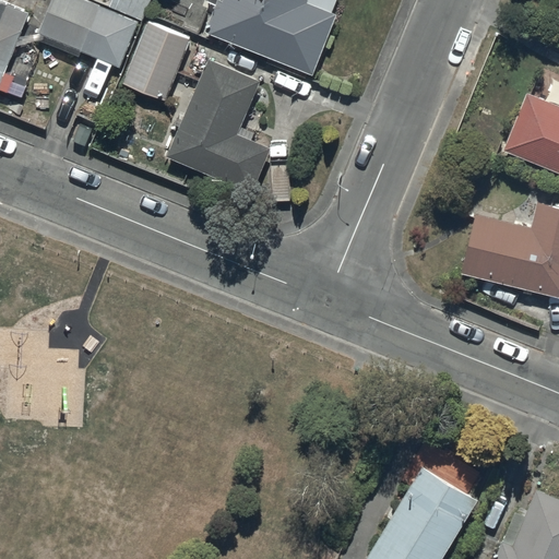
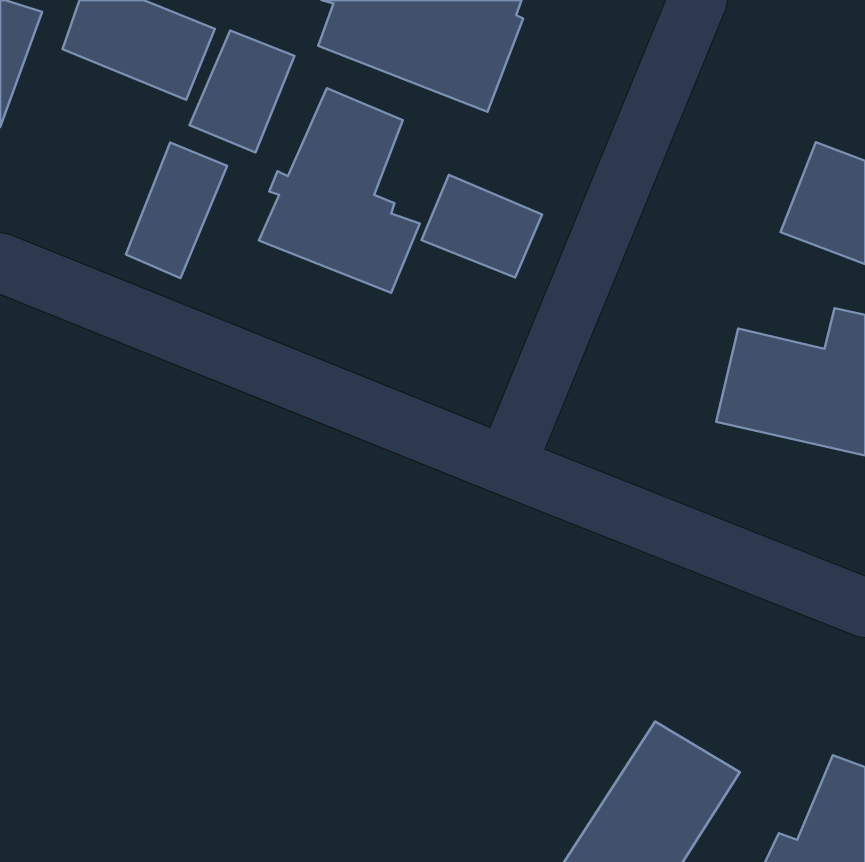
building: none -> [126,142,227,278]
building: none -> [422,175,542,277]

